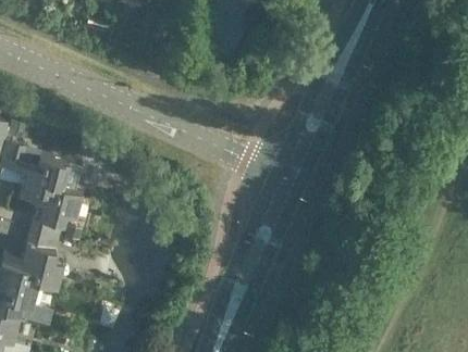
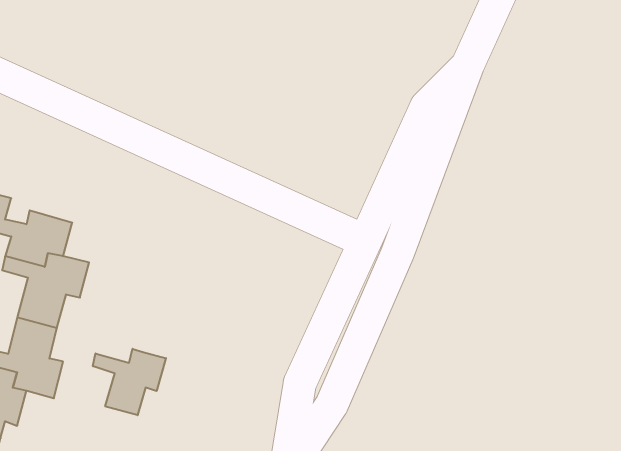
building: none -> [93,349,166,415]

